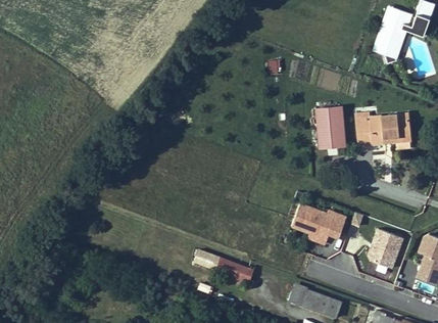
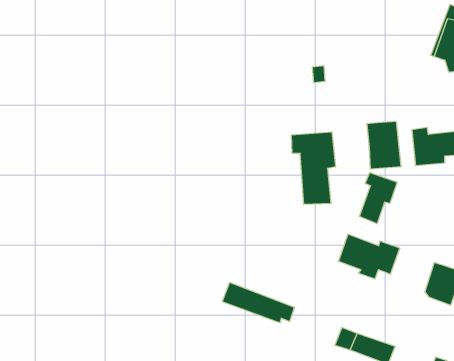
building: none -> [292,132,335,204]
building: none -> [359,172,397,224]

